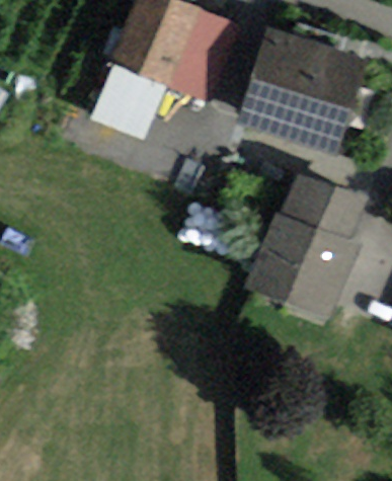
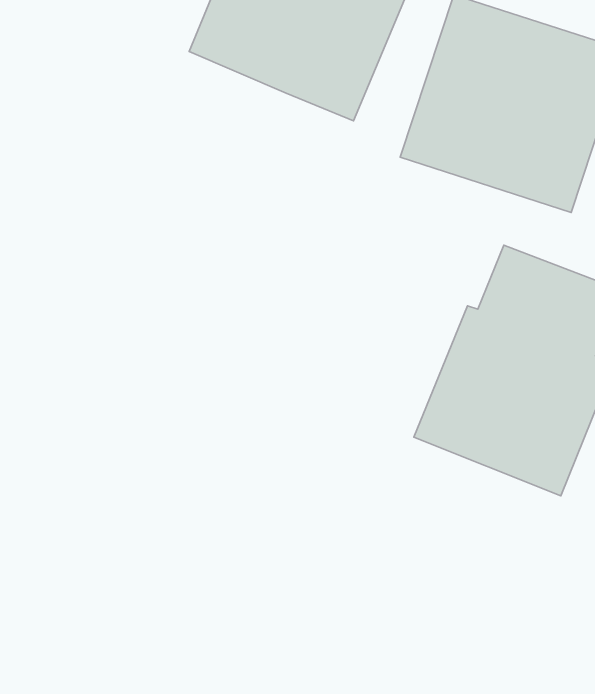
building: [87,60,169,143] -> none

